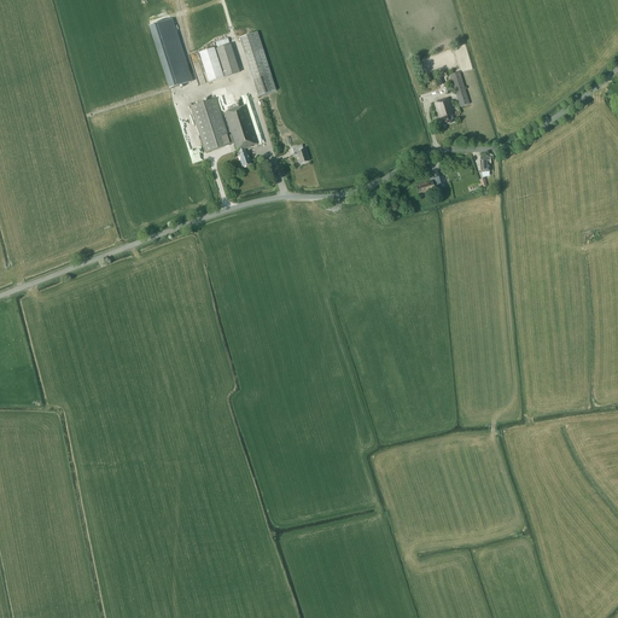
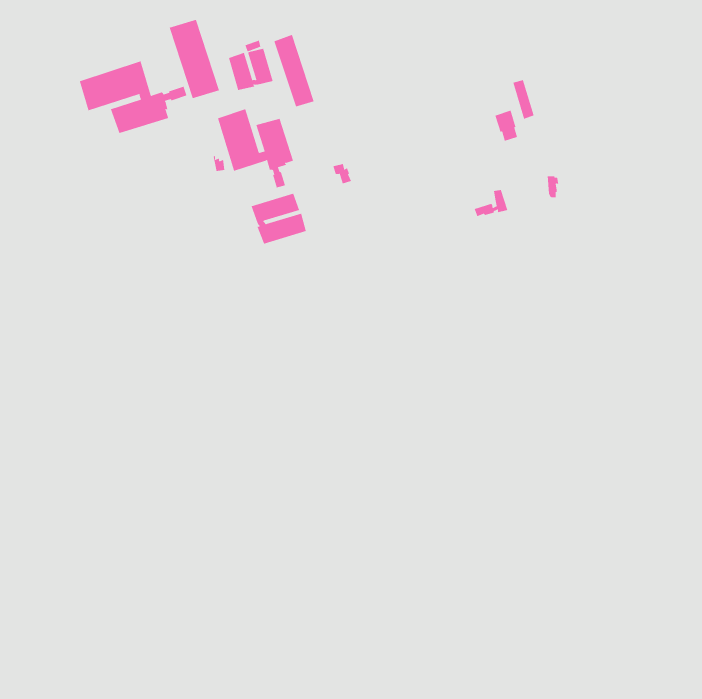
building: none -> [79,61,187,134]
building: none -> [251,193,306,245]

